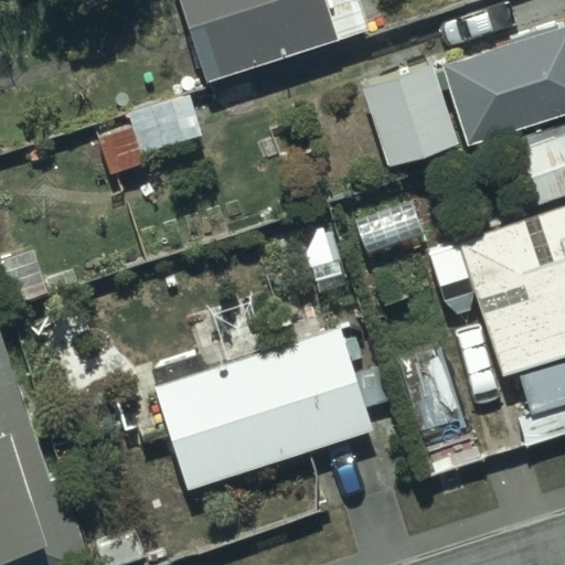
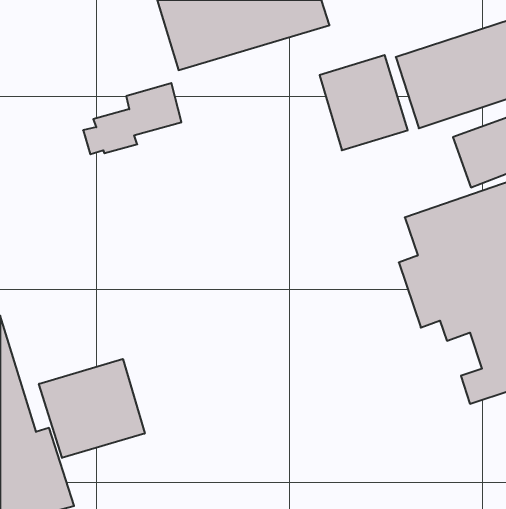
building: [156,309,391,487] -> none
building: none -> [39,359,145,458]

